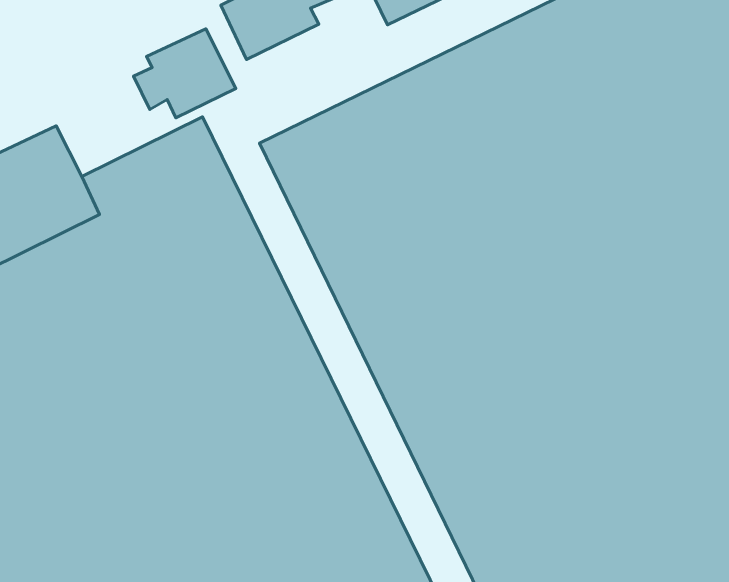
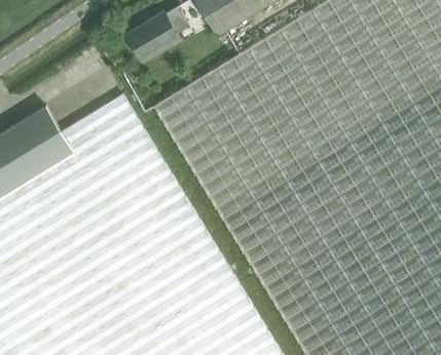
building: [133,29,236,118] -> none

